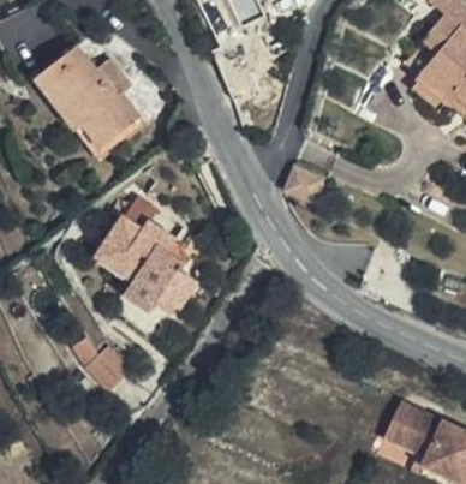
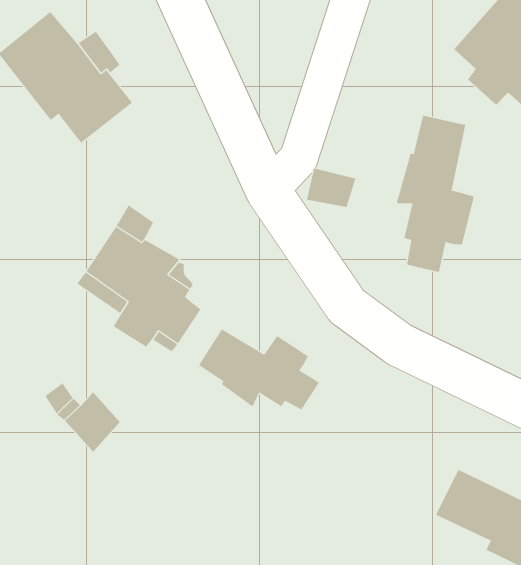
building: none -> [396,115,474,273]
building: none -> [198,328,320,410]

